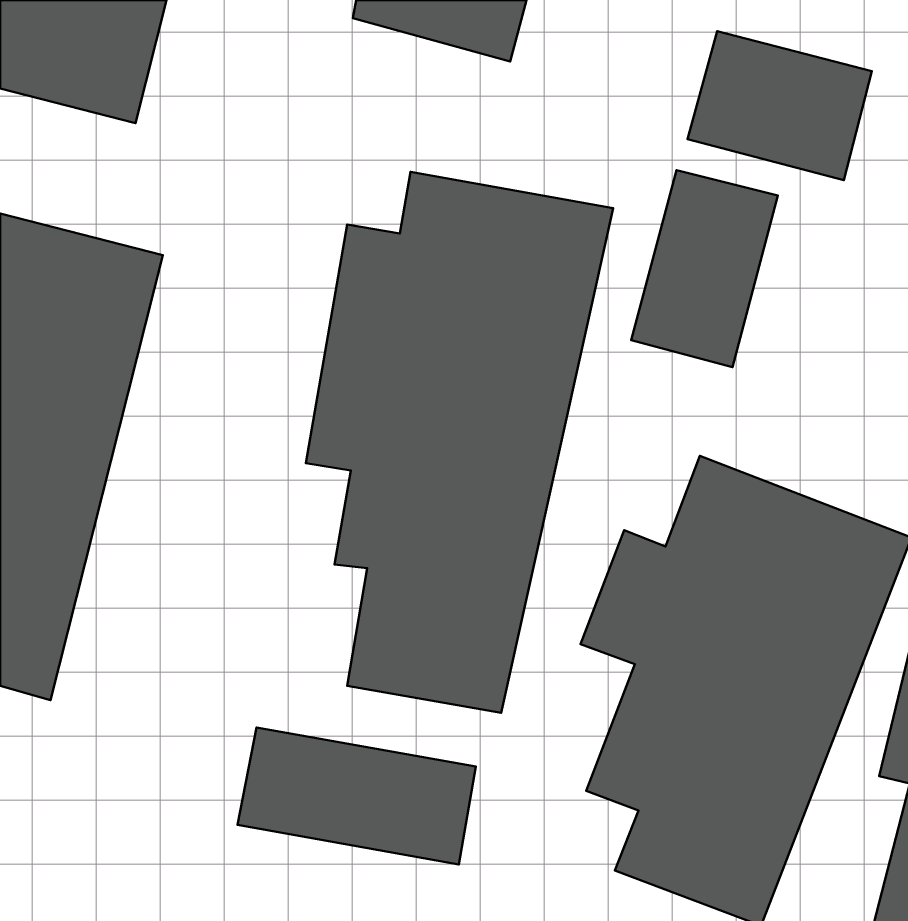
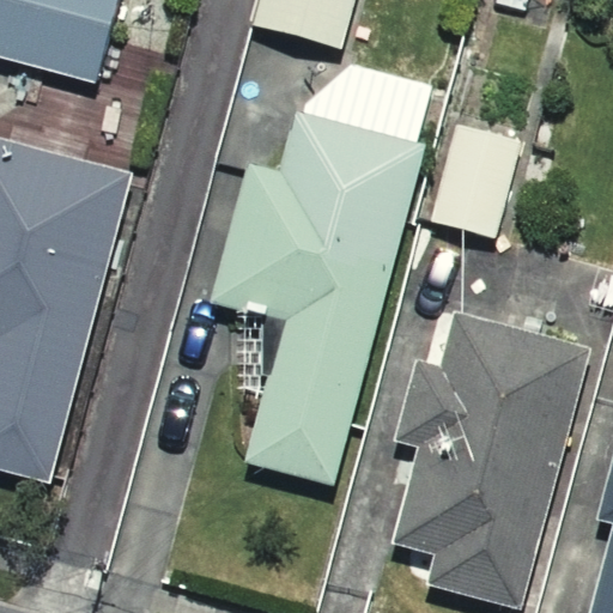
building: [688,31,872,180] -> none
building: [238,728,476,864] -> none

